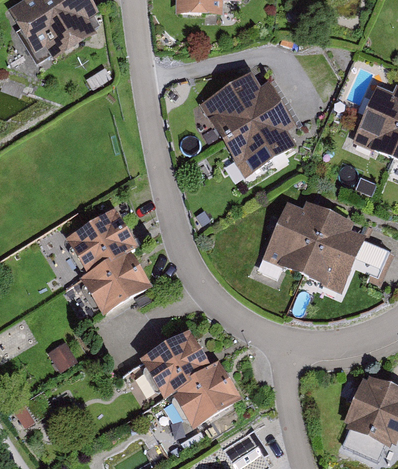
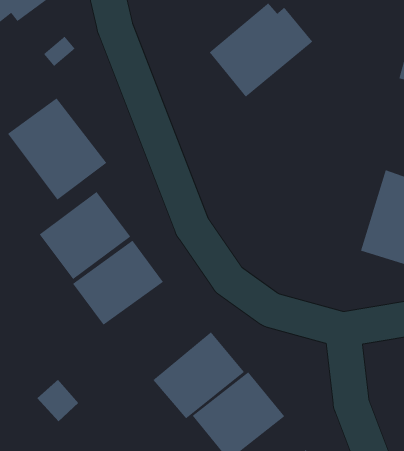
building: [230,106,304,179] -> none
building: none -> [7,98,107,200]
building: [264,200,332,273] -> none

